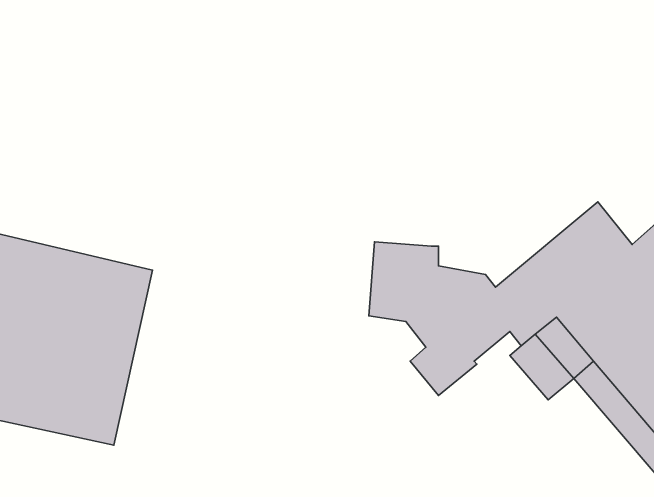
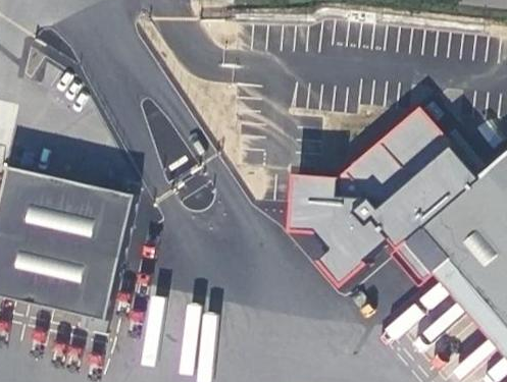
building: none -> [335,108,454,207]

